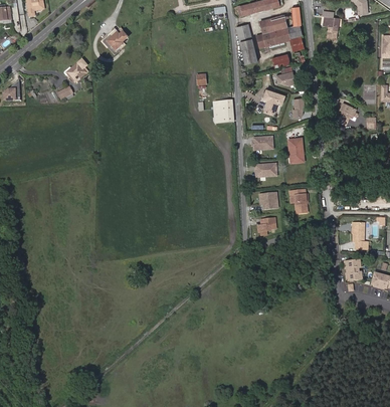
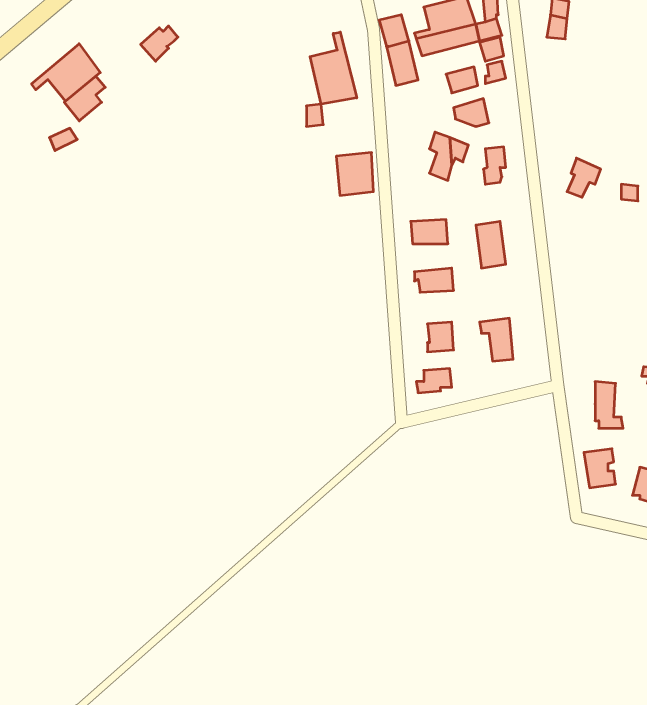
building: none -> [310,32,357,104]
building: none -> [32,44,100,101]

